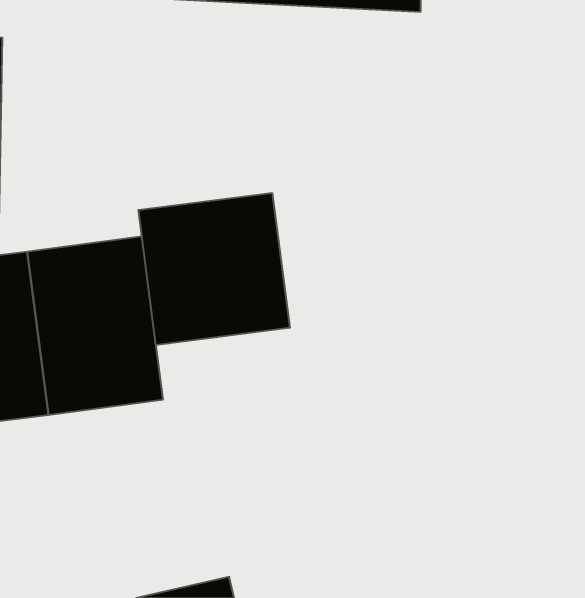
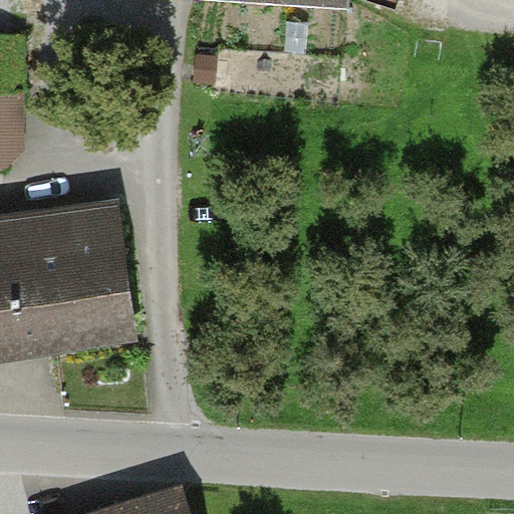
building: [138,193,290,345] -> none

